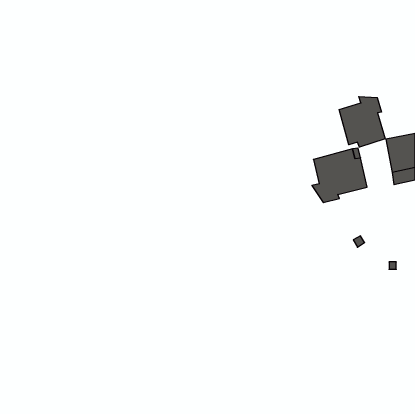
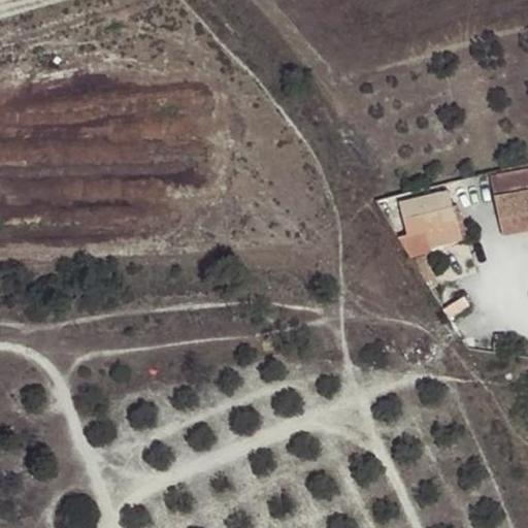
building: [339,97,385,147] -> none

